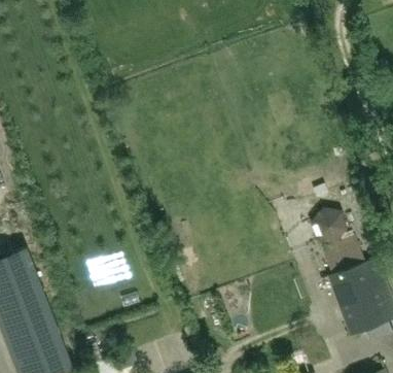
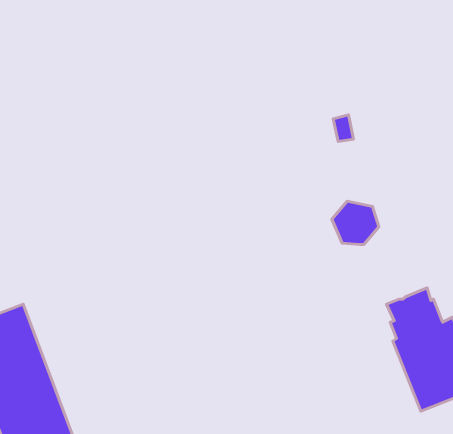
building: [310,209,348,244] -> [332,201,379,245]

